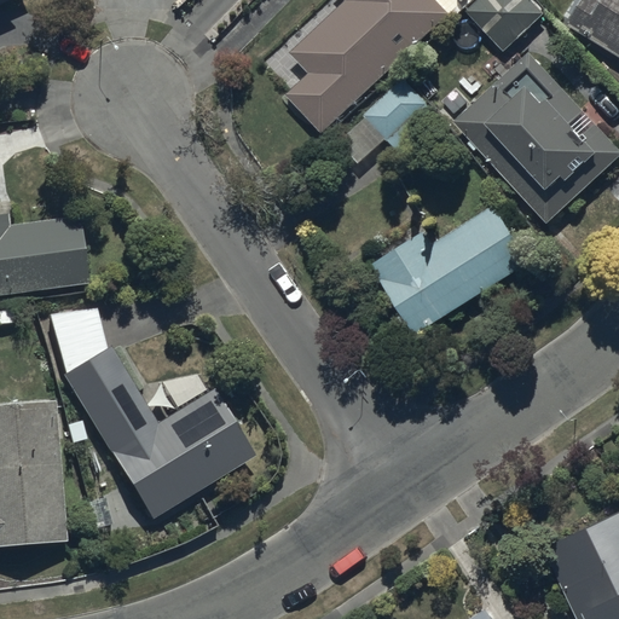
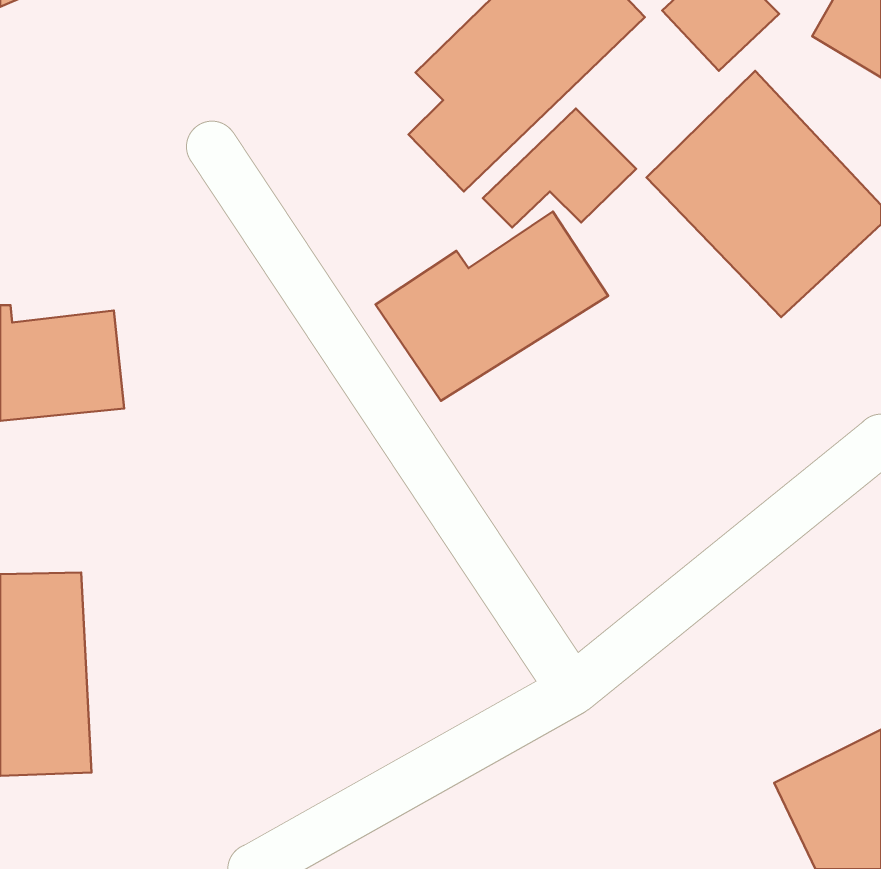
building: [370,203,533,336] -> [375,211,608,401]
building: [48,296,255,520] -> none

